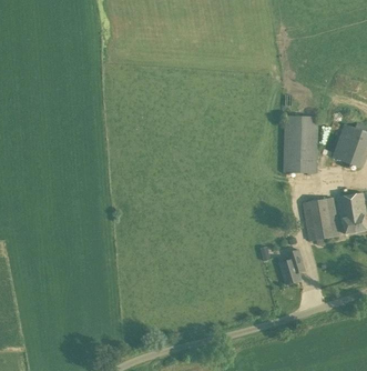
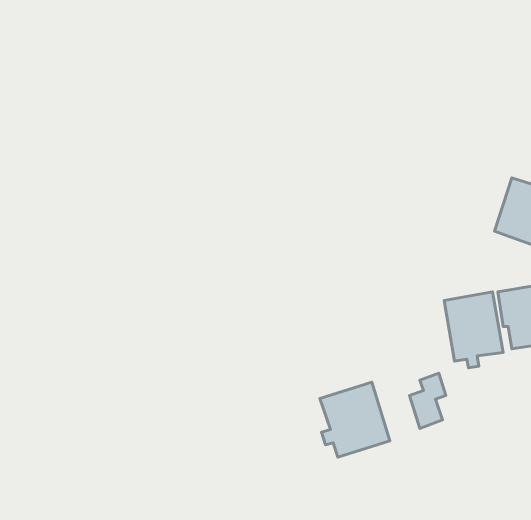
building: [283,114,320,173] -> none
building: none -> [320,382,390,457]

